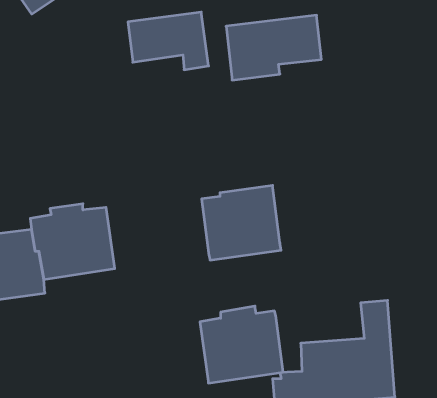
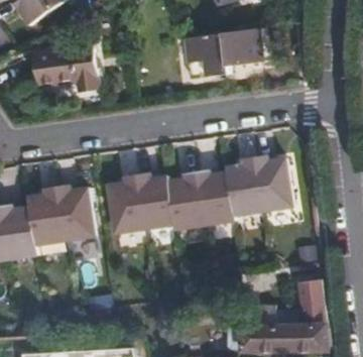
building: [128,12,209,70] -> [32,45,99,93]
building: none -> [225,155,293,217]
building: [200,306,283,383] -> [104,172,172,236]

